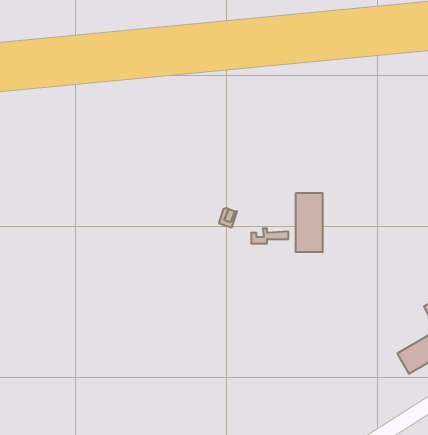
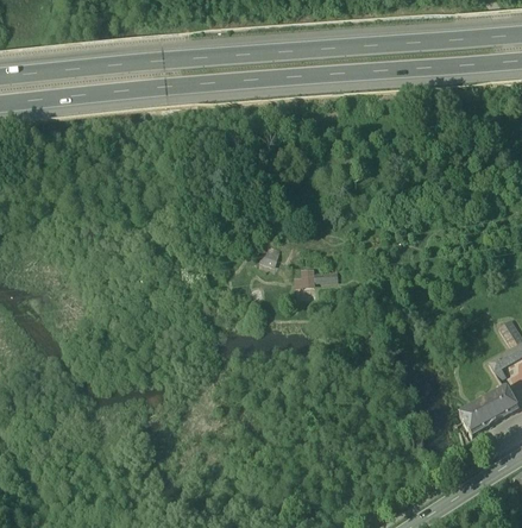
building: [296,193,322,252] -> none

